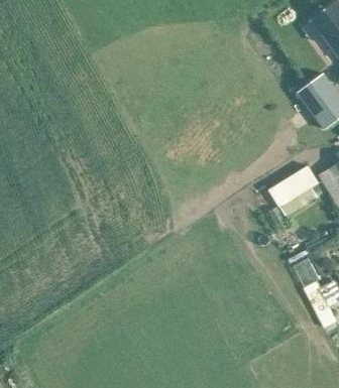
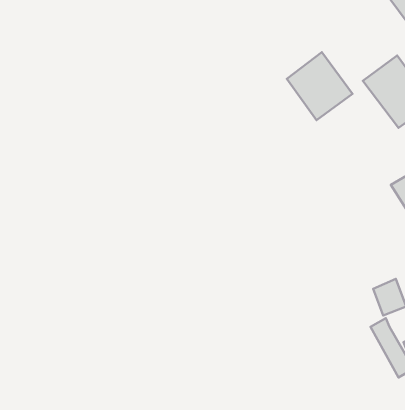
building: none -> [287,52,353,120]
building: [267,164,318,208] -> none

